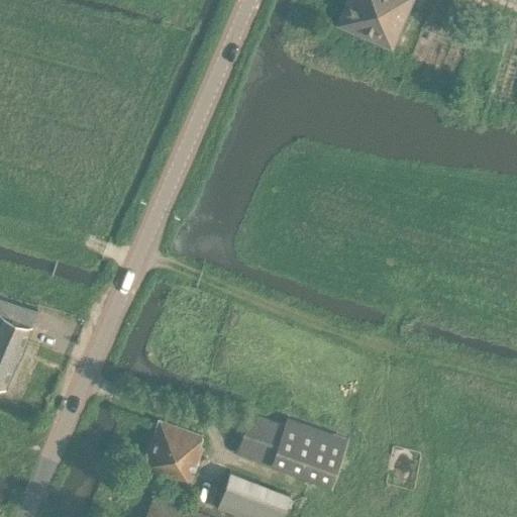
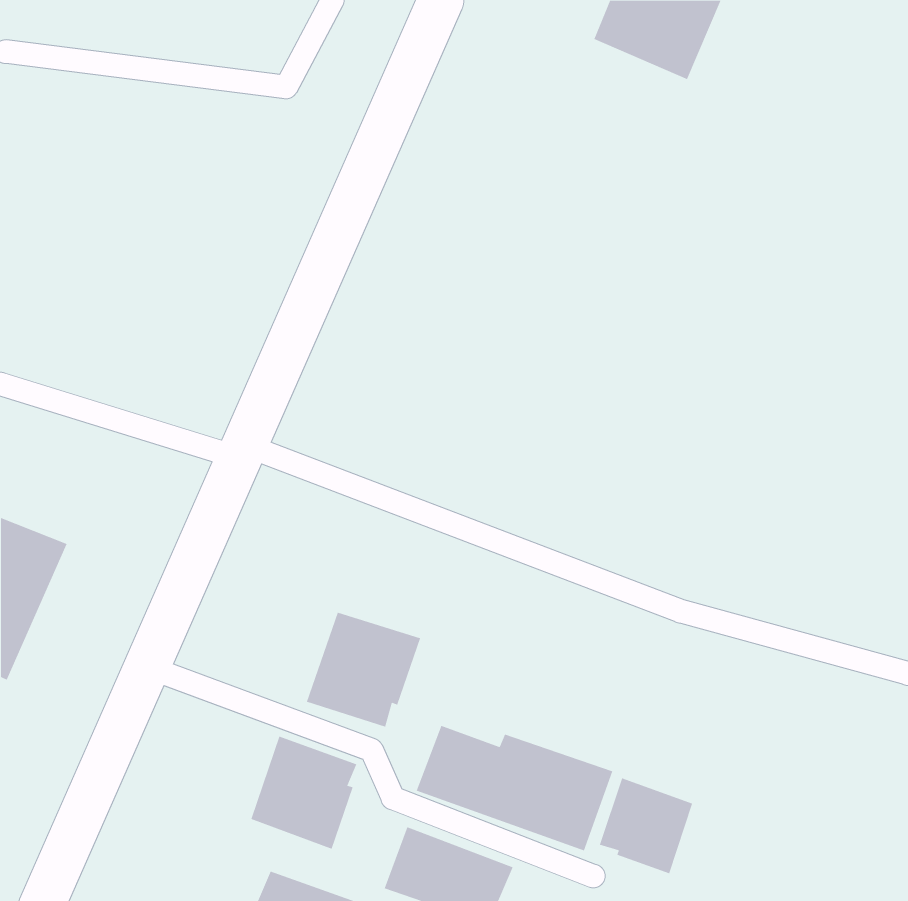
building: none -> [306,612,421,728]
building: none -> [599,778,693,874]

